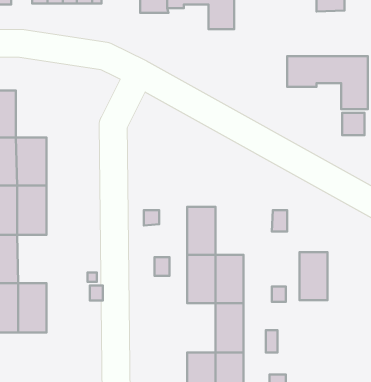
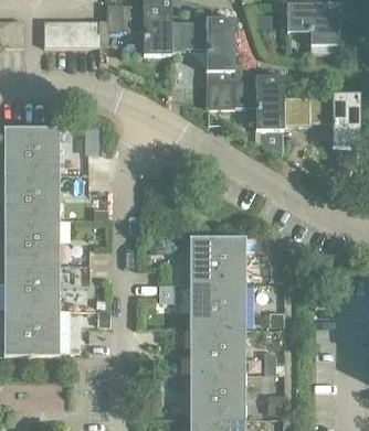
building: none -> [207,79,284,151]
building: none -> [29,128,57,172]
building: none -> [30,263,57,309]
building: [299,252,328,300] -> [217,237,243,282]
building: none -> [190,327,217,374]

